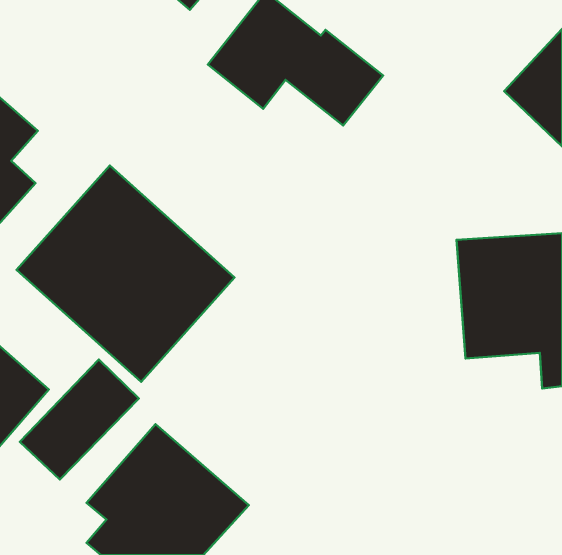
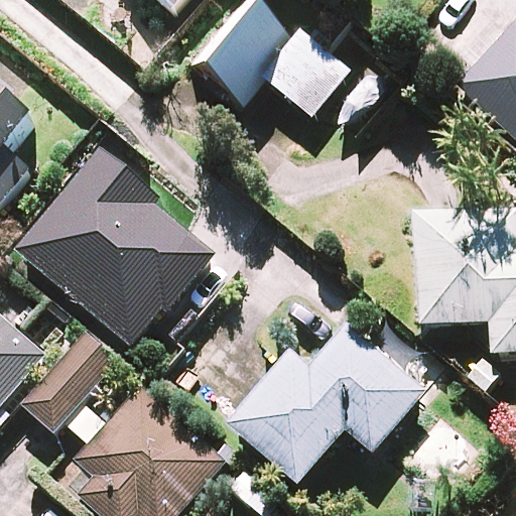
building: none -> [231,326,424,485]

